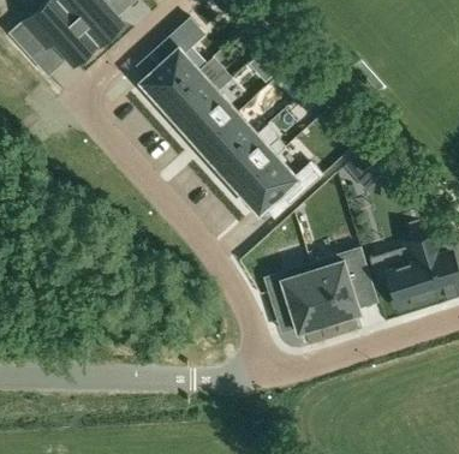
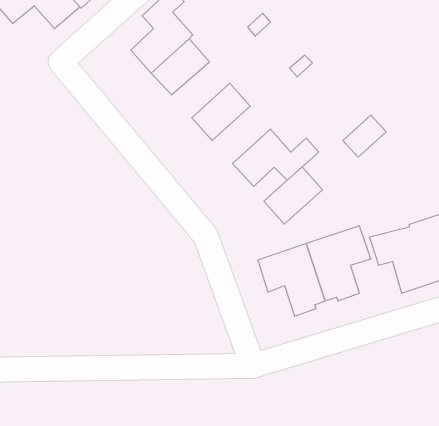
building: [184,94,239,147] -> none
building: [222,136,278,190] -> [264,167,322,224]

